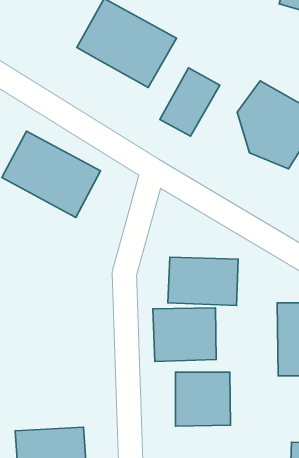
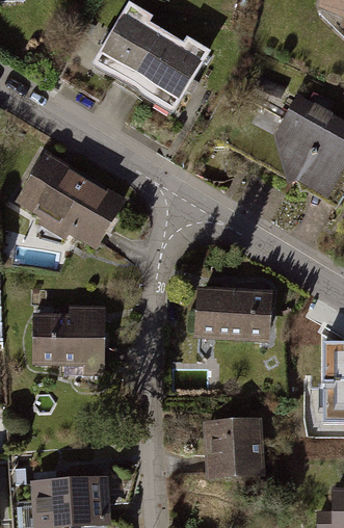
building: [160,68,220,136] -> none
building: none -> [35,315,106,368]
building: [153,308,216,361] -> none

